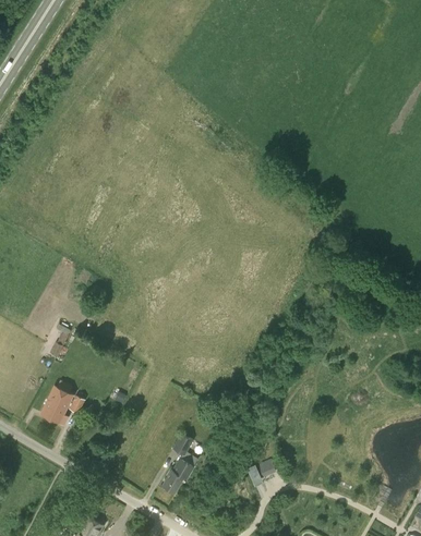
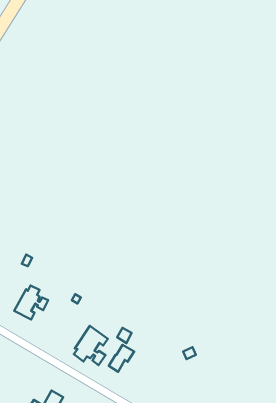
building: none -> [74,326,108,365]

